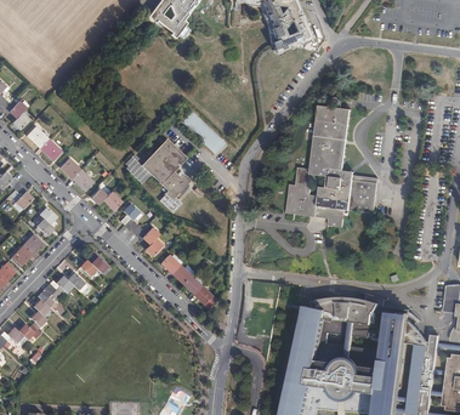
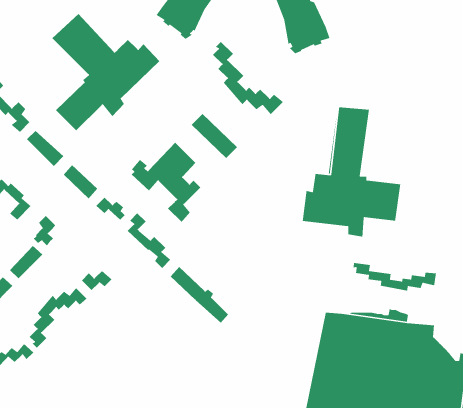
building: none -> [51,13,160,131]
building: none -> [212,41,284,115]
building: none -> [353,262,437,291]

